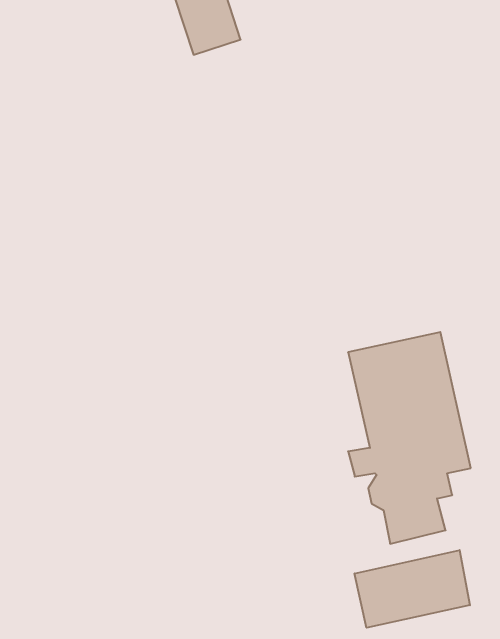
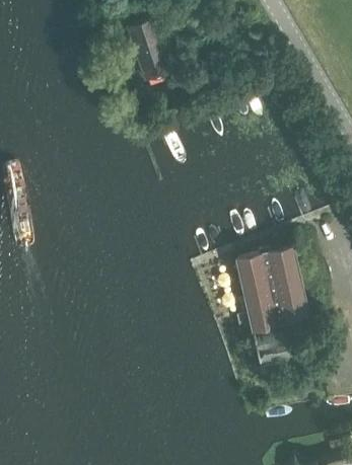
building: [355,550,470,628] -> none

